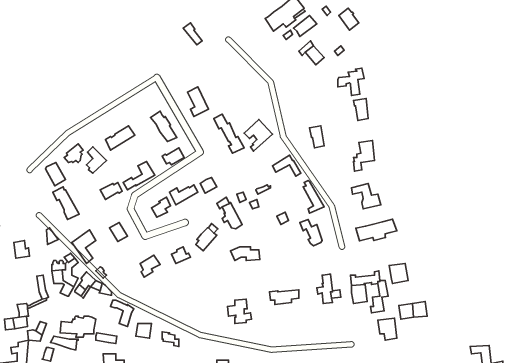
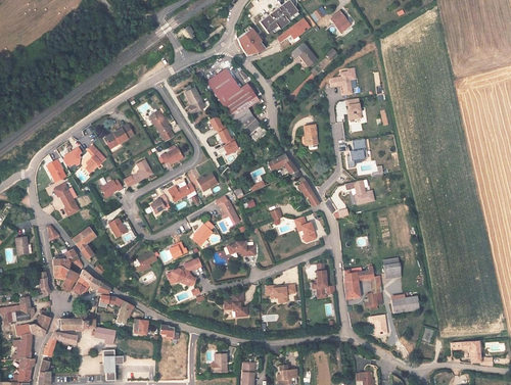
building: none -> [238,29,264,56]
building: none -> [207,69,259,118]
building: [356,219,397,241] -> none
building: none -> [167,259,200,287]

